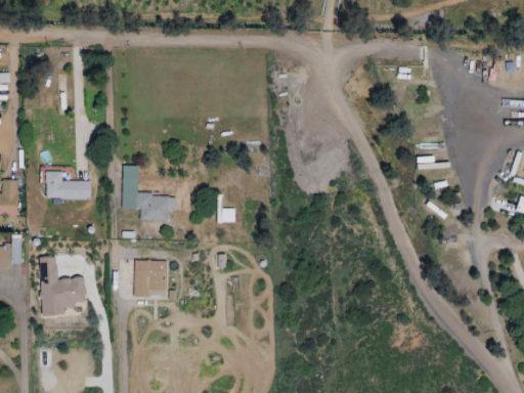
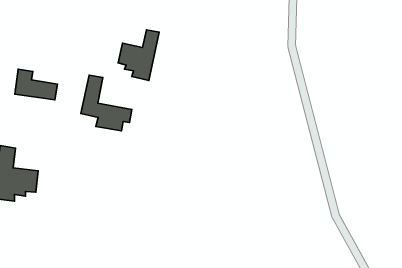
building: none -> [118,30,159,80]
building: [134,259,168,296] -> none

